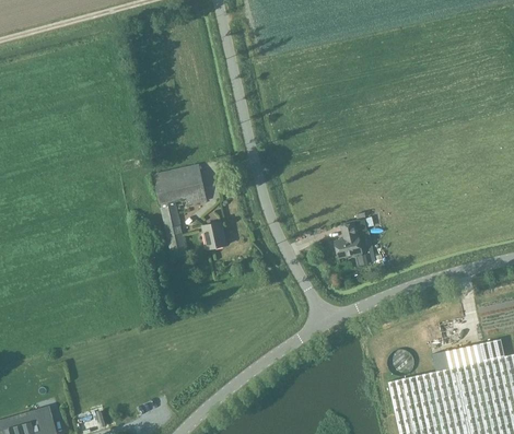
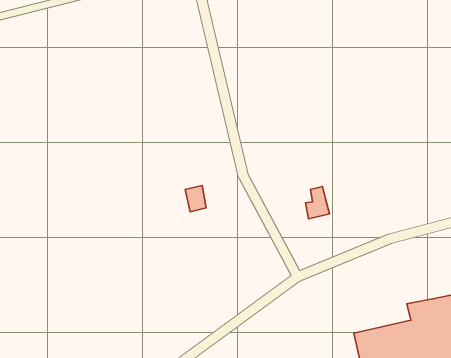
building: [153,164,208,256] -> none

